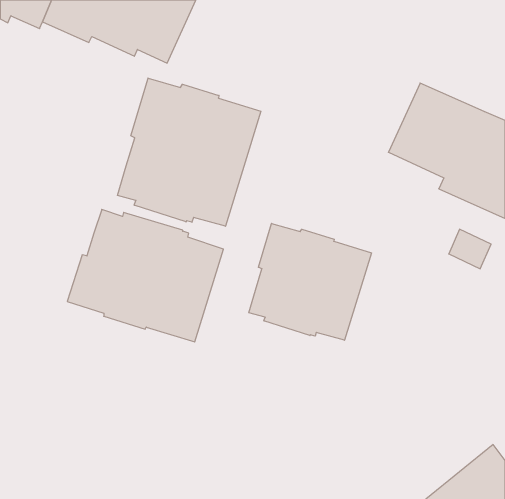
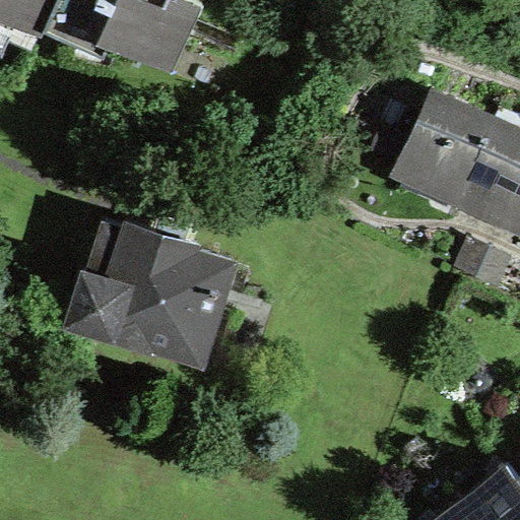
building: [117,78,261,226] -> none
building: [249,223,371,340] -> none

